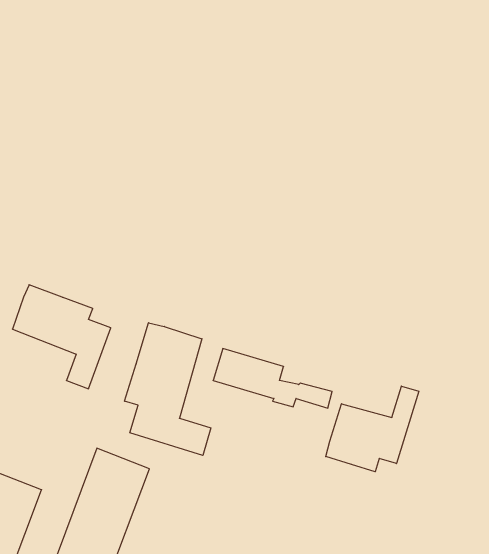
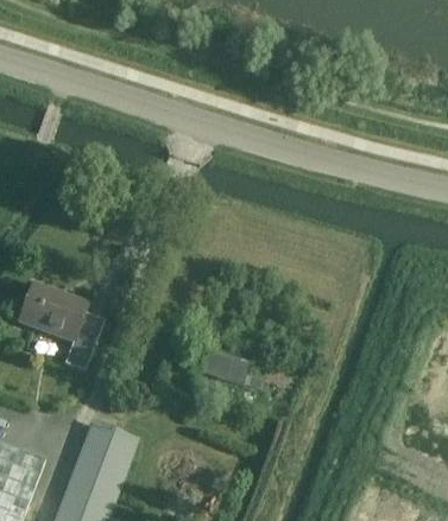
building: [125,323,211,455] -> none
building: [326,386,419,472] -> none

